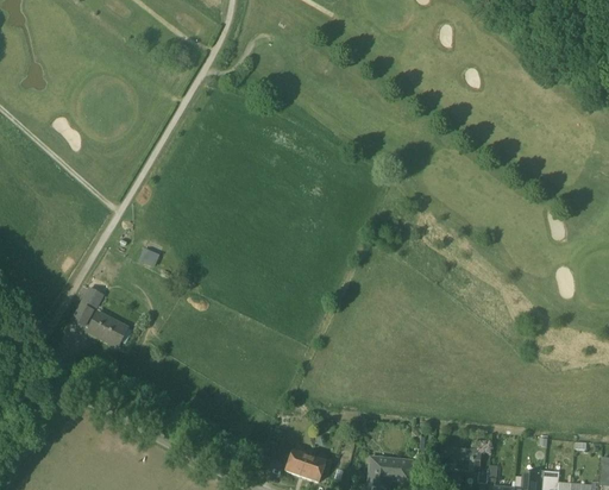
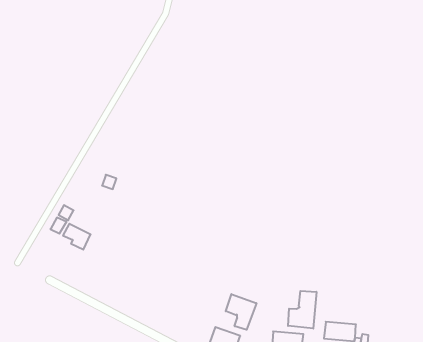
building: none -> [288,291,316,329]
building: none -> [226,294,256,330]

